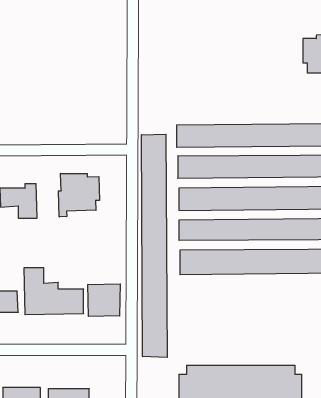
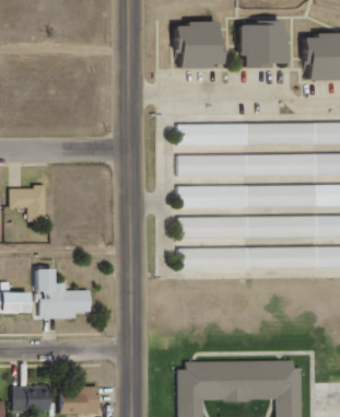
building: none -> [241,21,290,68]
building: none -> [177,22,223,68]
building: [141,134,167,357] -> none
building: [58,173,99,217] -> none
building: [88,284,120,316] -> none

